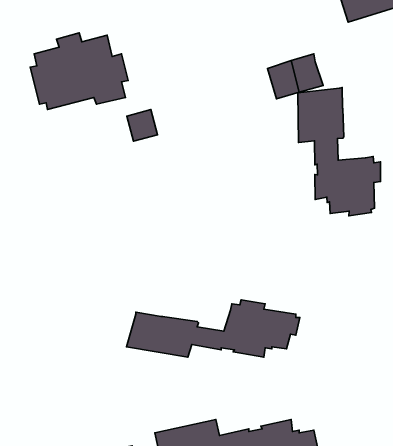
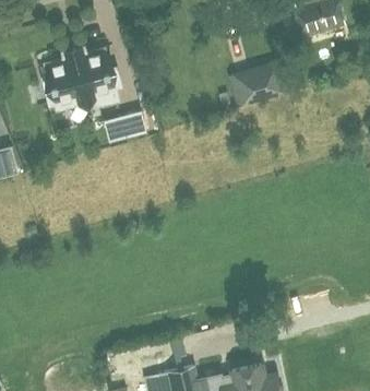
building: [298,87,381,216] -> none
building: [126,300,300,357] -> none

